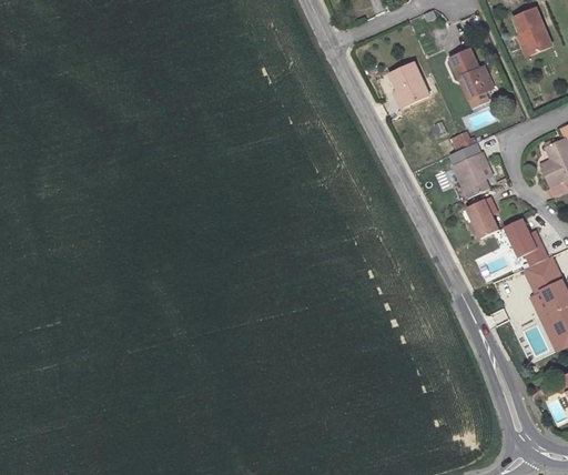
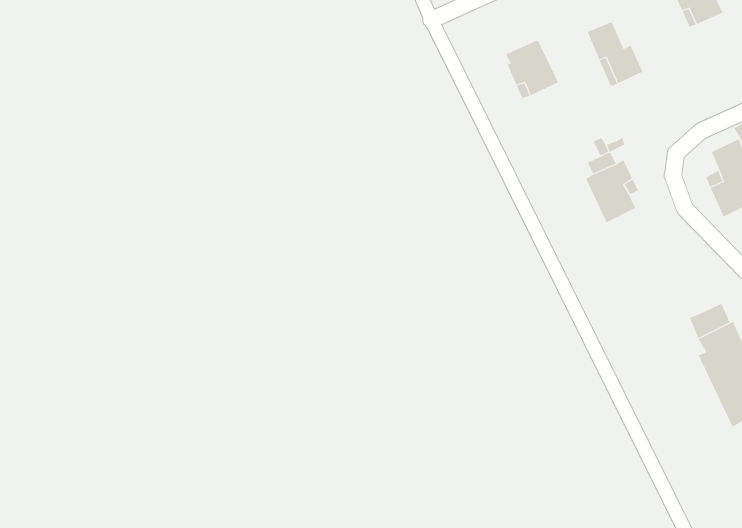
building: [468,198,499,239] -> none
building: [507,221,550,267] -> none

